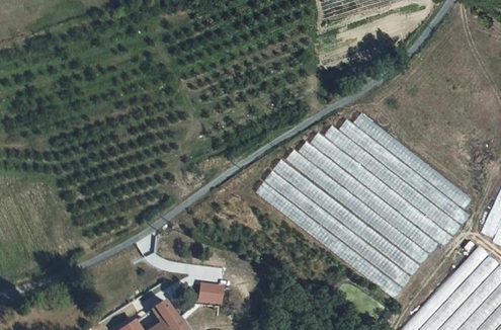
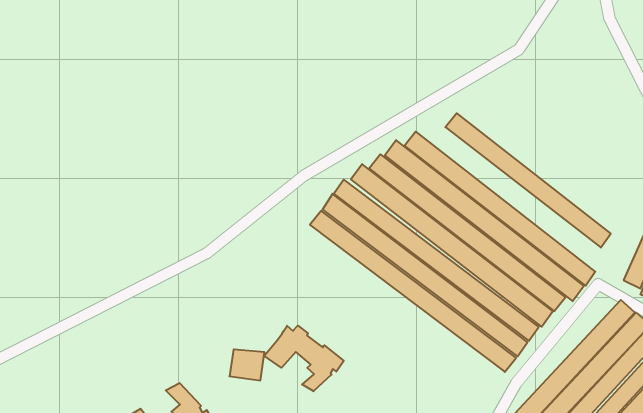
building: [339,118,471,226] -> none
building: none -> [264,326,344,391]

